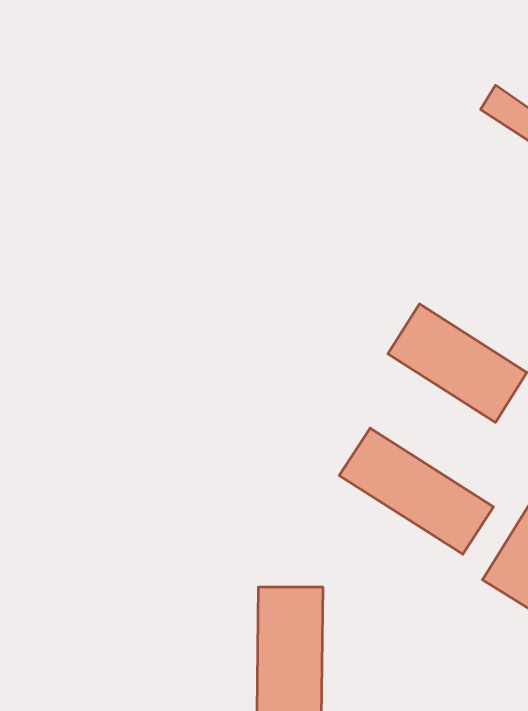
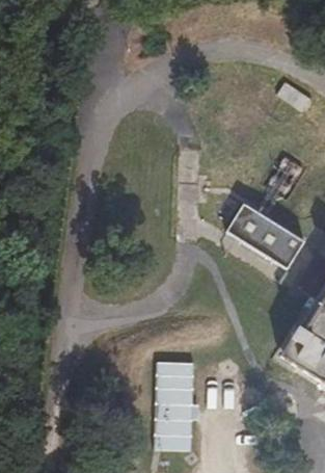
building: [339,428,493,554] -> none

